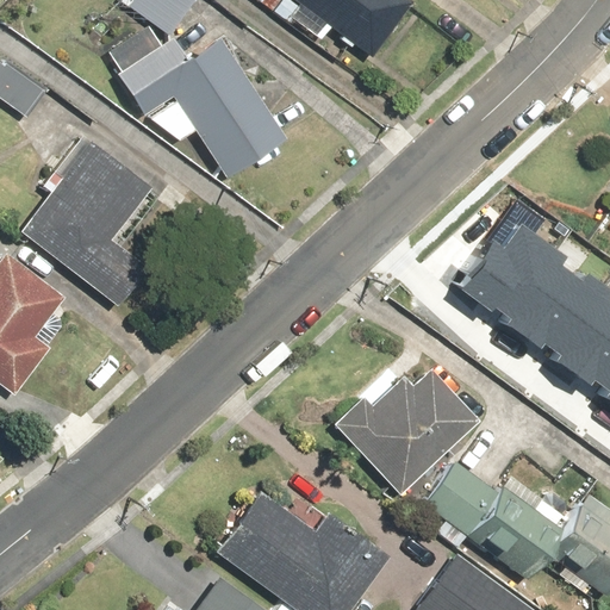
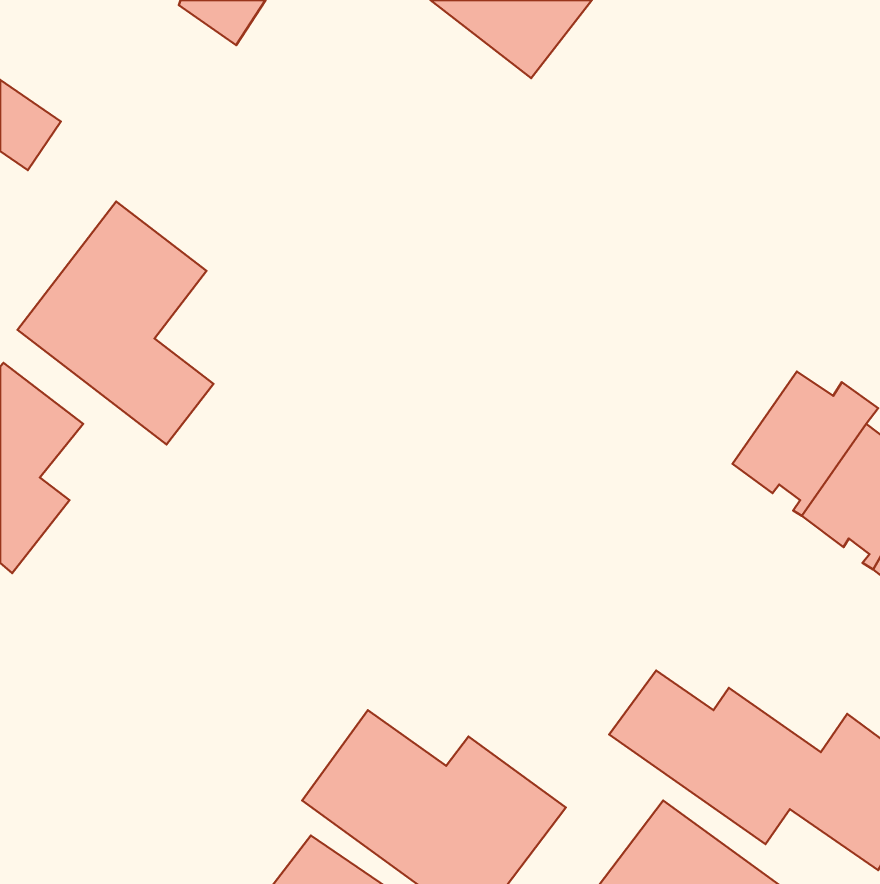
building: [105,29,290,182] -> none
building: [458,218,559,320] -> none
building: [332,367,479,496] -> none

